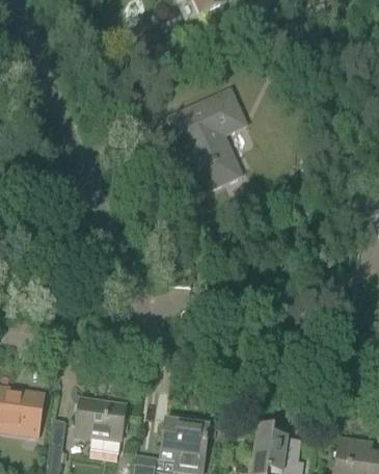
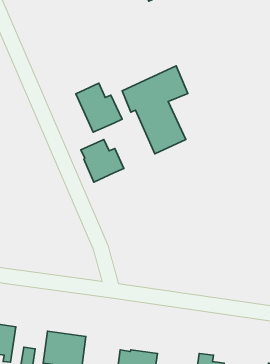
building: none -> [76,83,122,132]
building: none -> [81,139,124,182]

